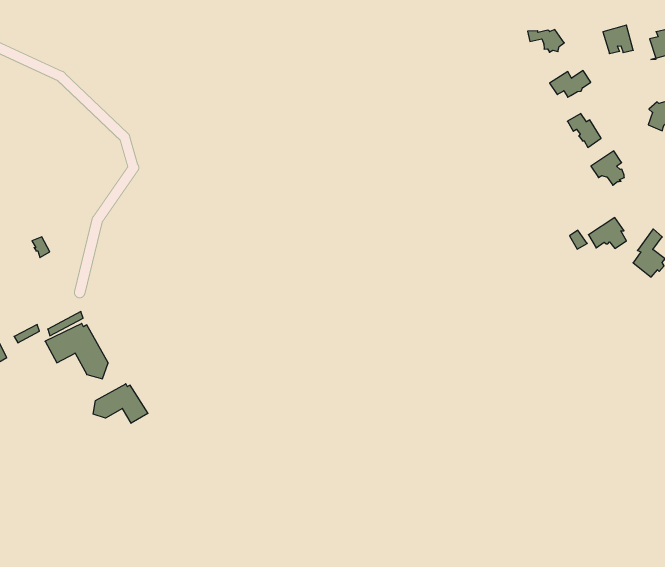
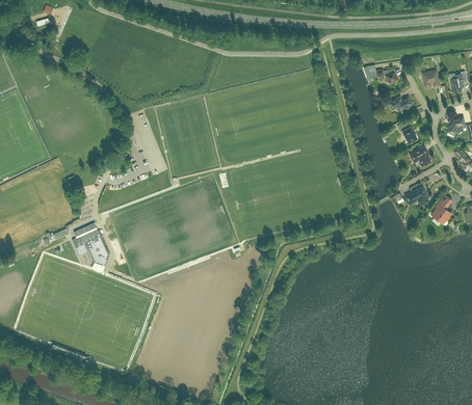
building: [93,384,148,423] -> none

